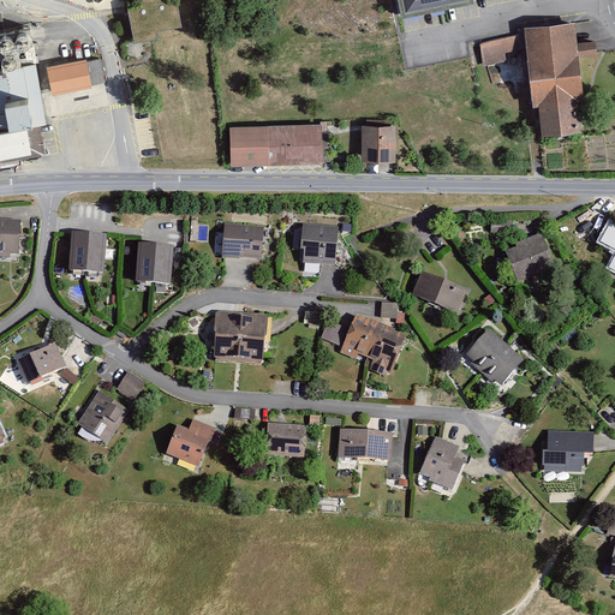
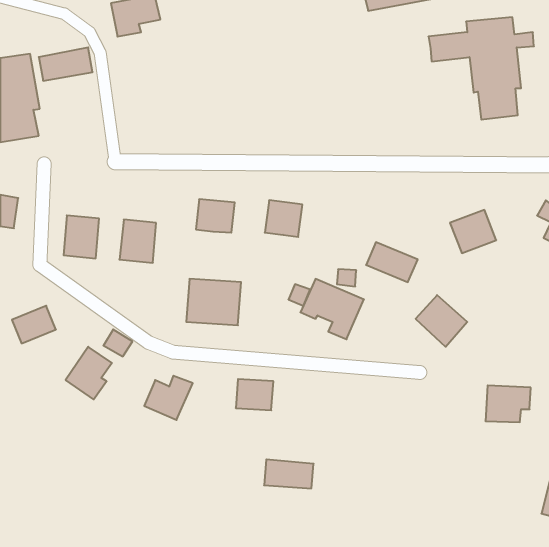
building: [363,120,396,155] -> none
building: [232,121,323,159] -> none
building: [336,430,392,462] -> [264,459,314,488]
building: [417,436,464,490] -> none

